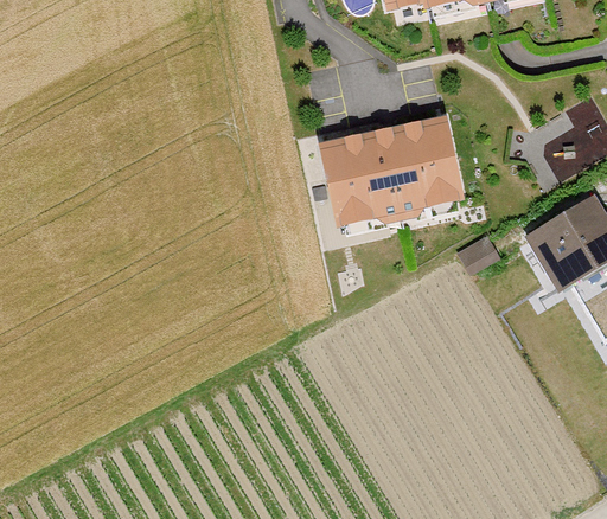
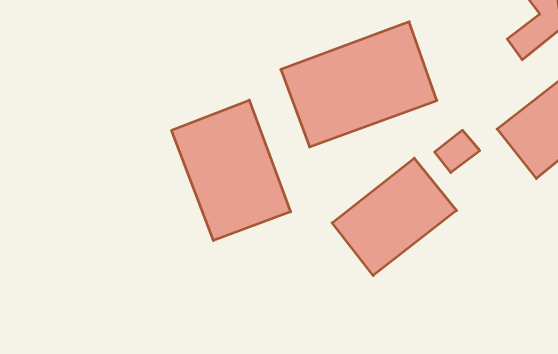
building: none -> [172,100,291,241]
building: none -> [332,158,457,276]

